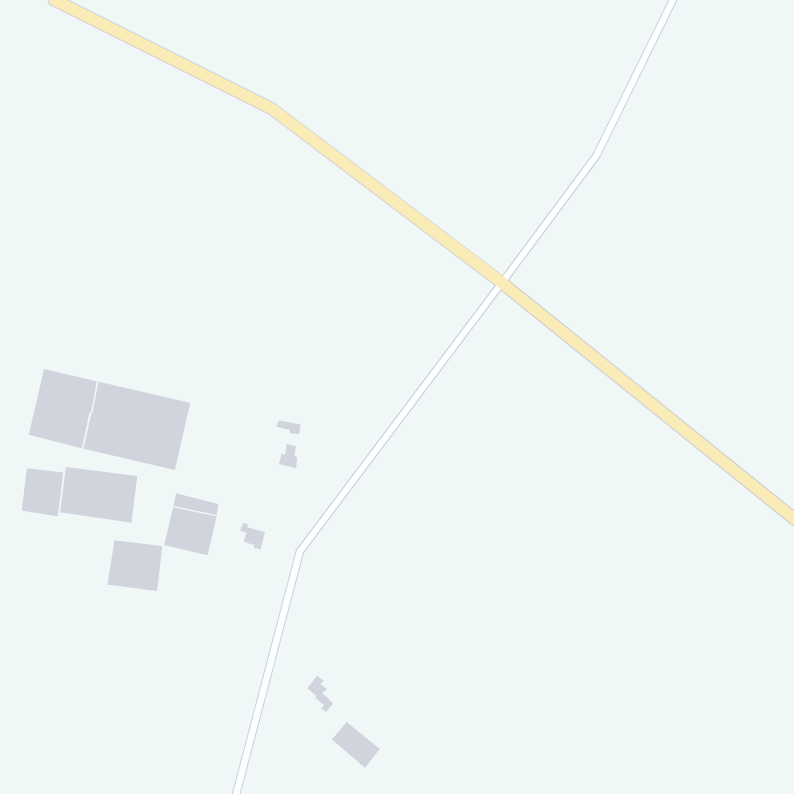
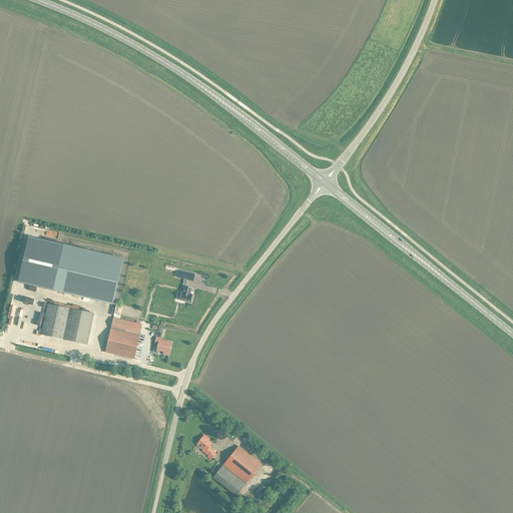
building: [21,468,64,517] -> none
building: [107,539,163,592] -> none
building: none -> [223,446,262,483]

